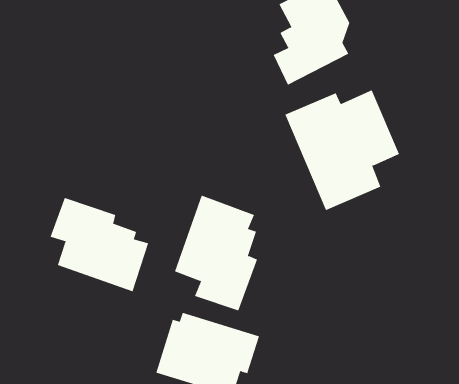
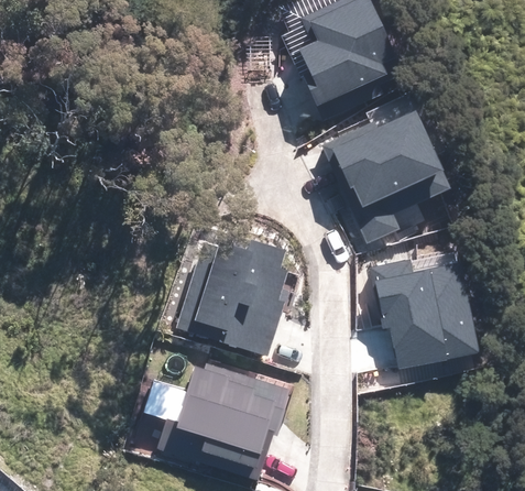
building: [50,197,149,292] -> none
building: none -> [369,257,473,367]

